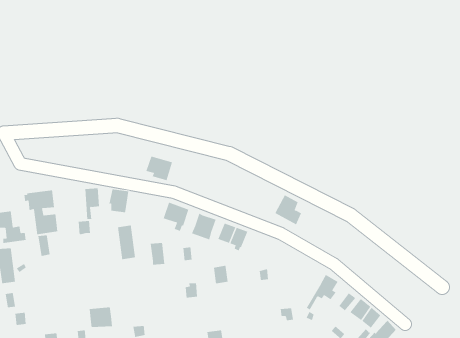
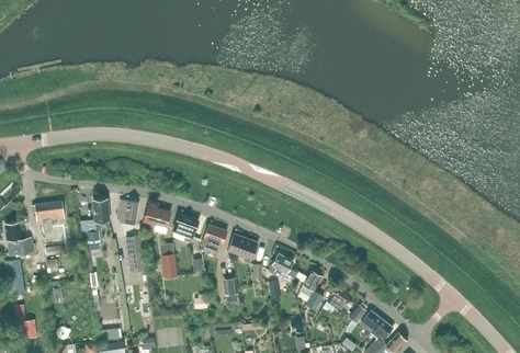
building: [145,156,173,181] -> [143,205,170,230]
building: [275,195,302,225] -> [269,252,296,283]
building: none -> [299,270,323,309]

